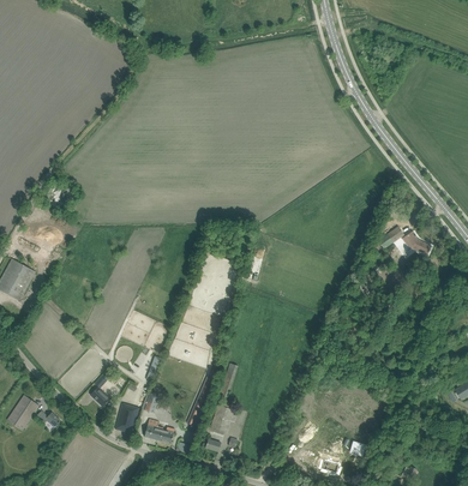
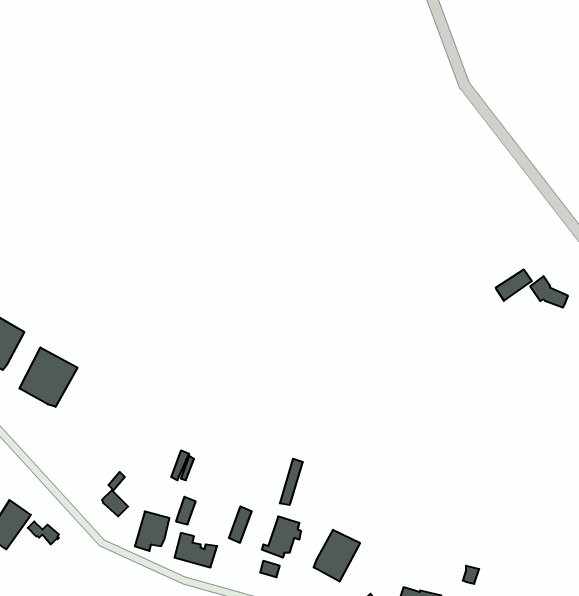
building: none -> [19,347,77,407]
building: none -> [314,530,360,582]

